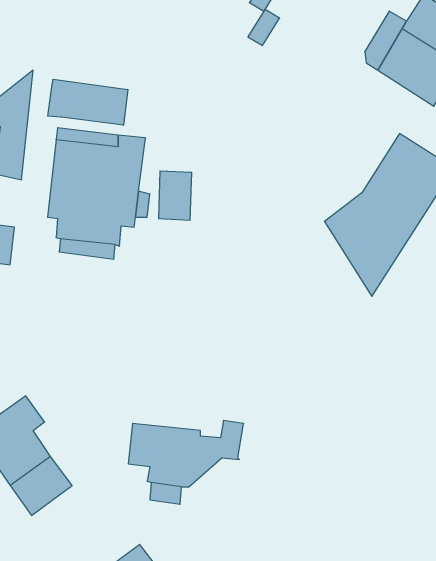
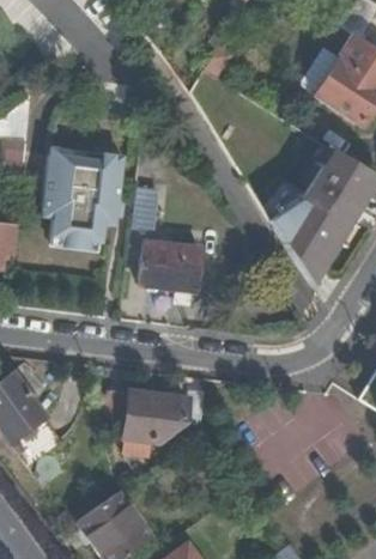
building: [48,79,128,125] -> none
building: none -> [135,242,198,291]

